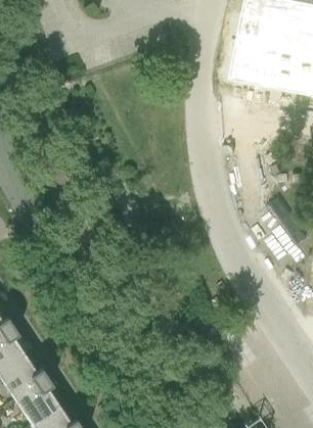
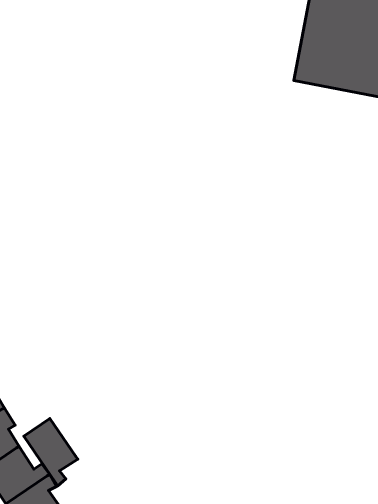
building: none -> [24,419,78,486]

